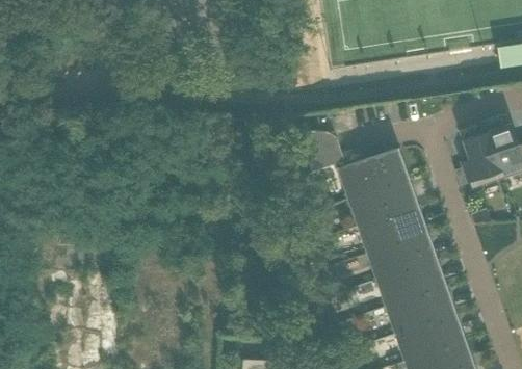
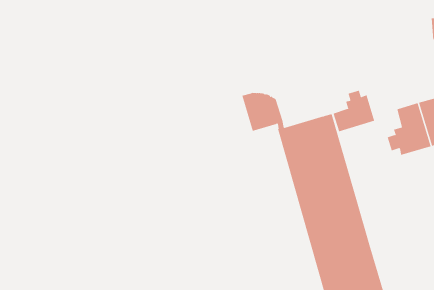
building: none -> [333,90,375,132]

